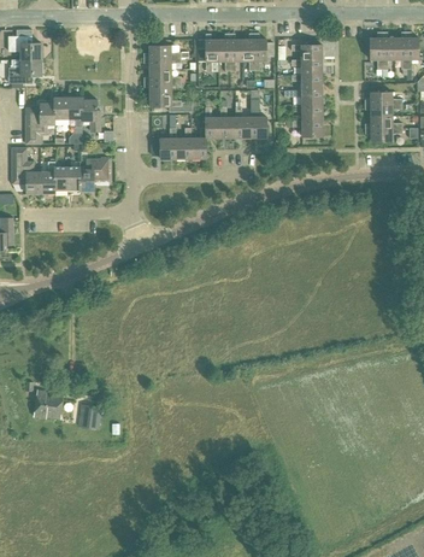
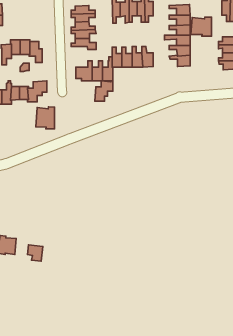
building: none -> [191,17,211,36]
building: none -> [95,81,113,101]
building: none -> [36,107,55,129]

